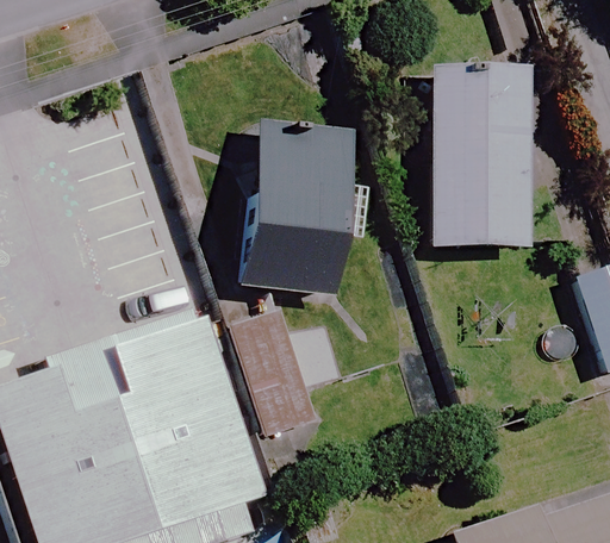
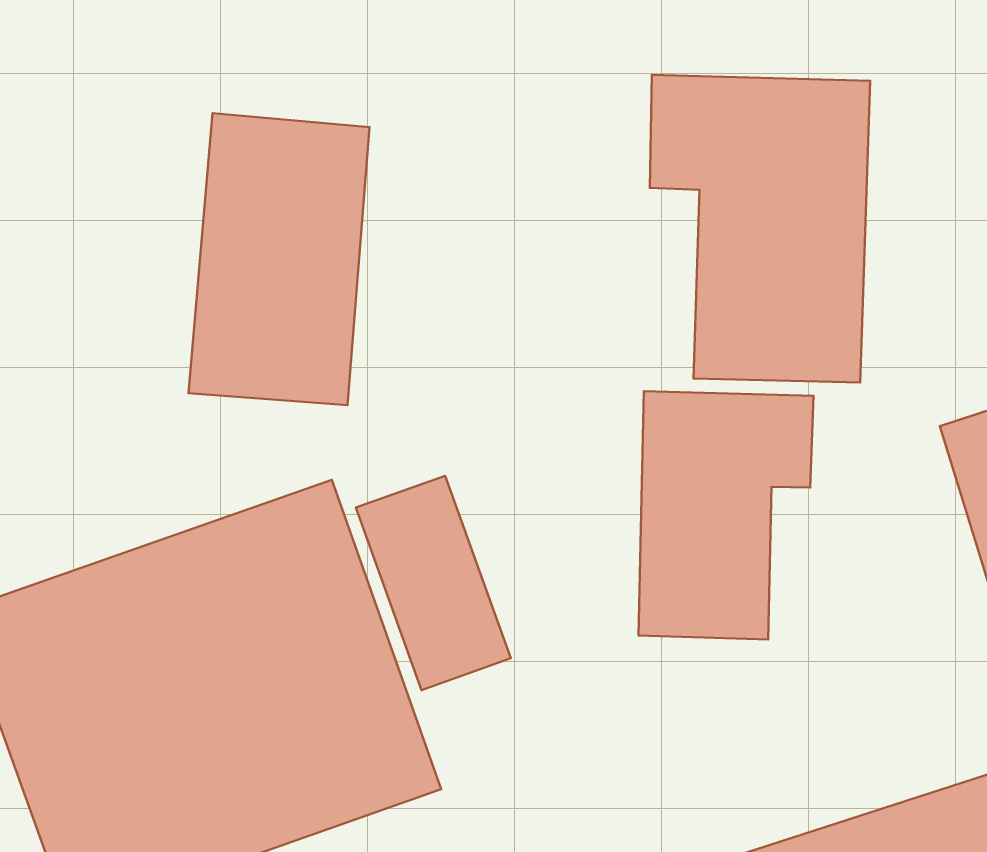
building: [245,123,354,298] -> [189,113,369,405]
building: none -> [638,391,814,639]

